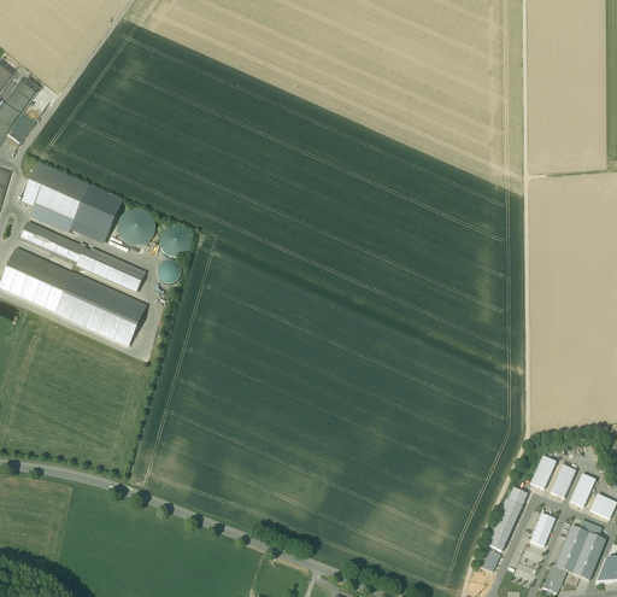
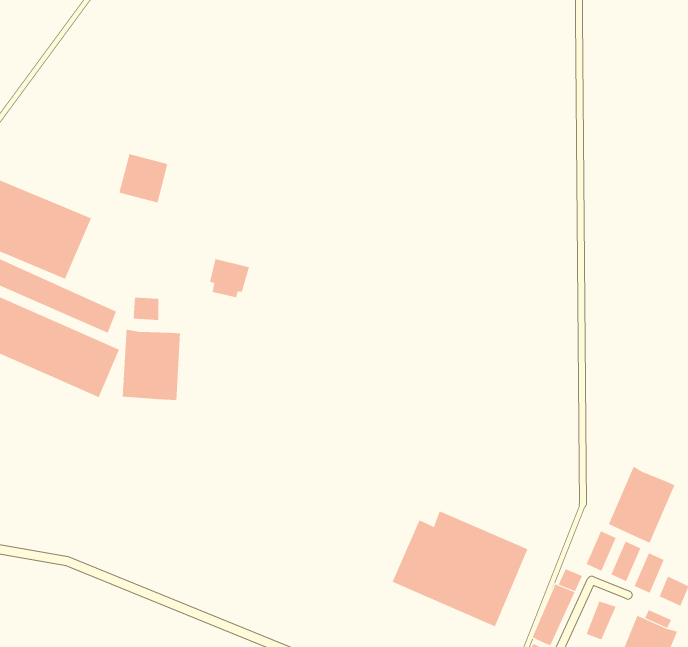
building: [114,205,155,246] -> [119,153,168,203]
building: [158,223,192,256] -> [209,259,250,298]
building: none -> [122,329,180,401]
building: none -> [608,466,675,543]
building: none -> [392,511,528,627]

